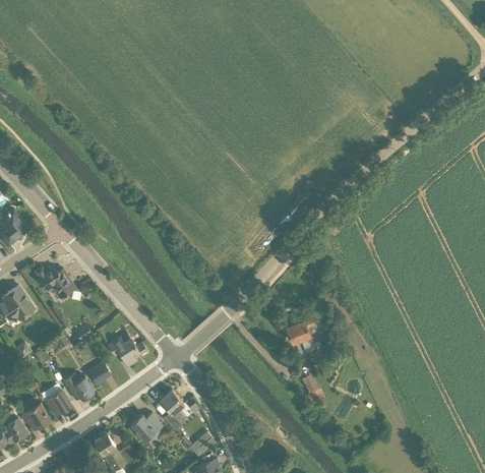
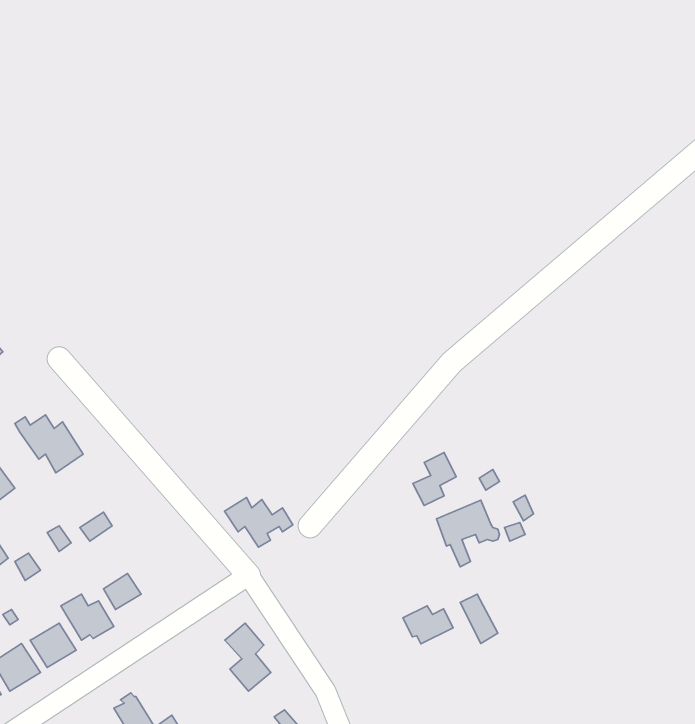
building: none -> [413,452,456,506]
building: [107,336,147,365] -> [224,498,293,547]
building: none -> [403,606,453,644]
building: [129,413,162,441] -> none

